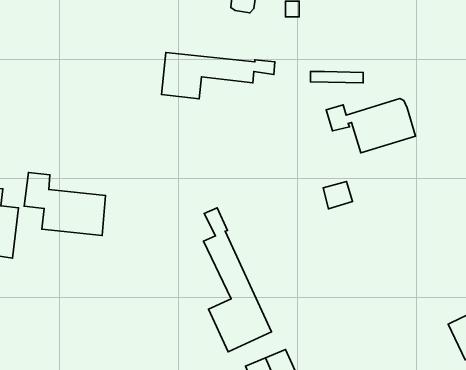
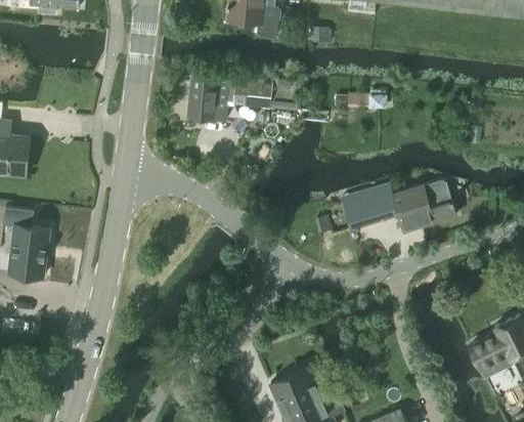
building: [326,98,416,153] -> [368,178,455,231]
building: [24,172,105,236] -> none
building: [204,208,271,352] -> none

